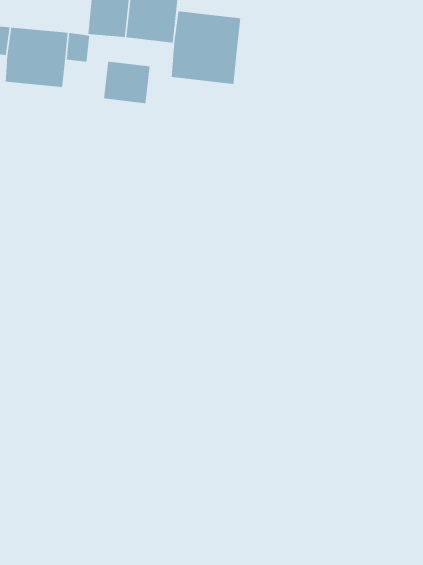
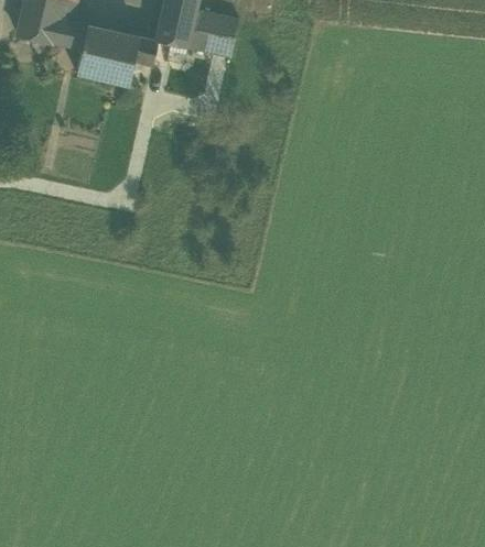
building: [171,11,241,85] -> none
building: [103,61,151,104] -> none

